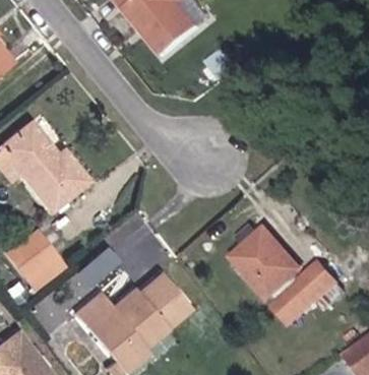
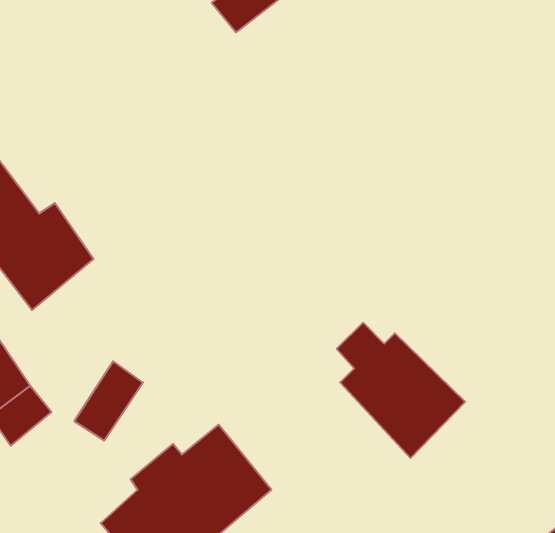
building: [276,263,335,324] -> none
building: [70,291,113,335] -> none

